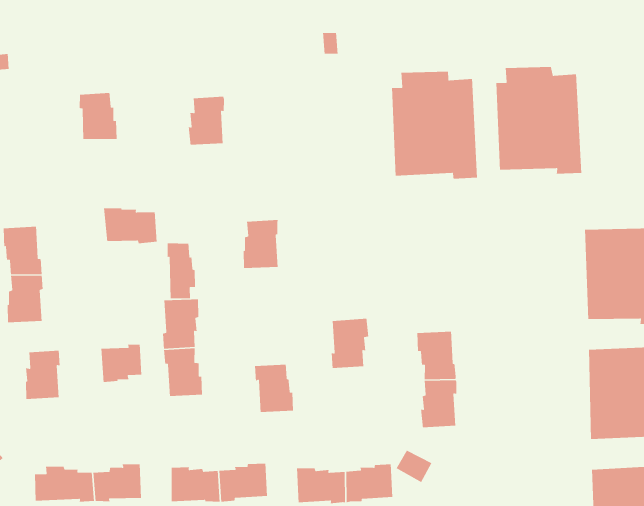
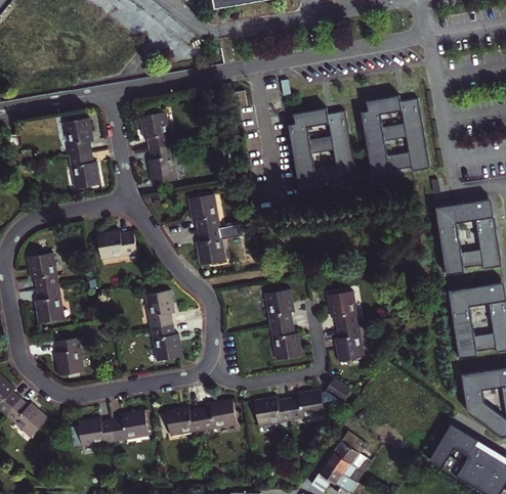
building: none -> [65,119,91,156]
building: none -> [139,113,171,149]
building: none -> [188,194,220,231]
building: [167,243,196,299] -> none
building: [101,344,142,383] -> none
building: [254,364,294,413] -> [270,323,302,360]

